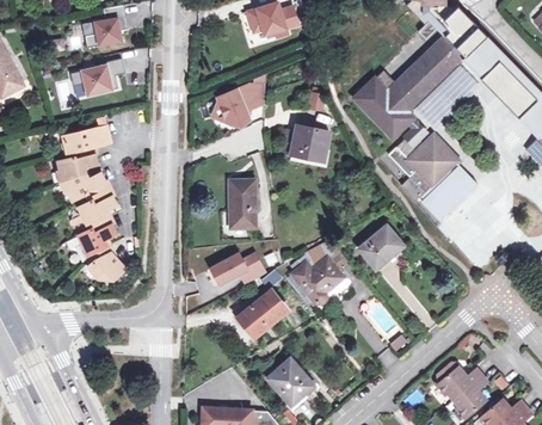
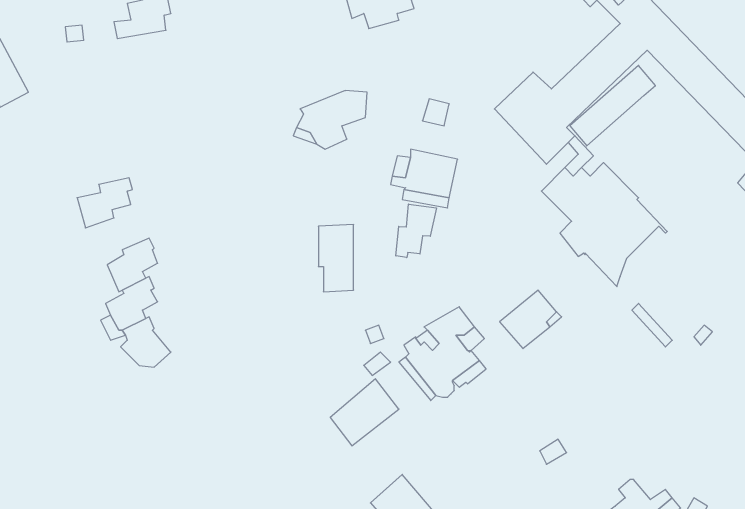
building: [70,57,124,94] -> none
building: [64,125,111,153] -> none
building: none -> [396,204,436,258]
building: [64,174,110,201] -> none
building: [213,253,264,283] -> none

